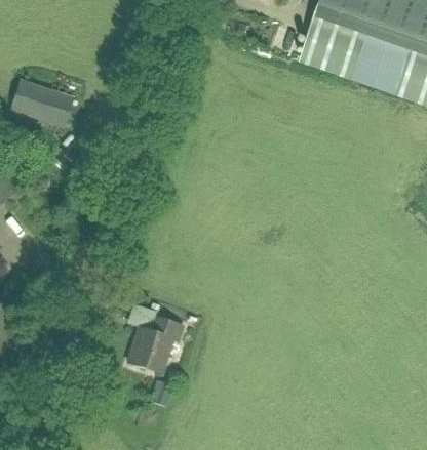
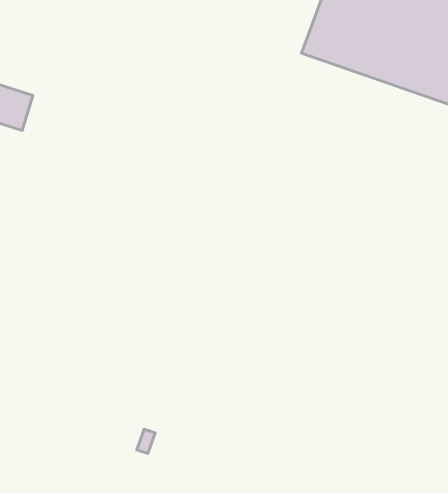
building: [127,317,181,371] -> none

